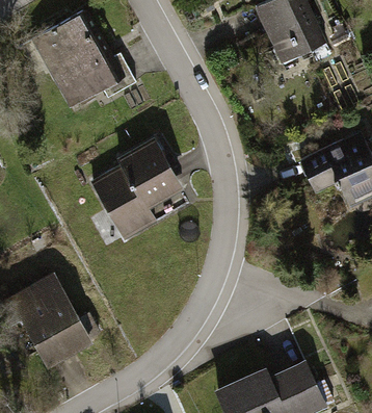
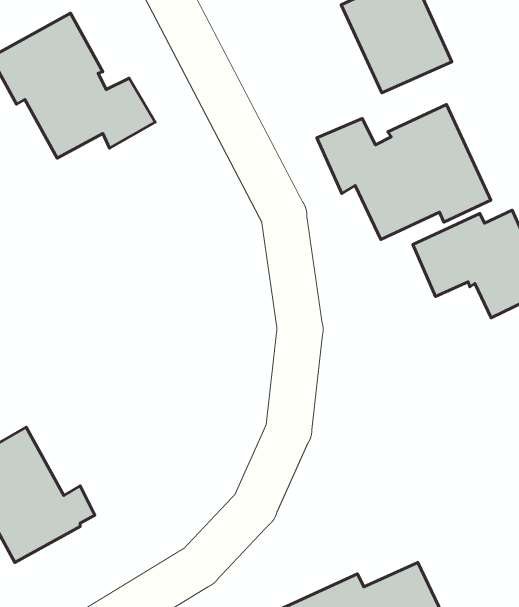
building: none -> [317,104,491,240]
building: [94,138,180,235] -> none

